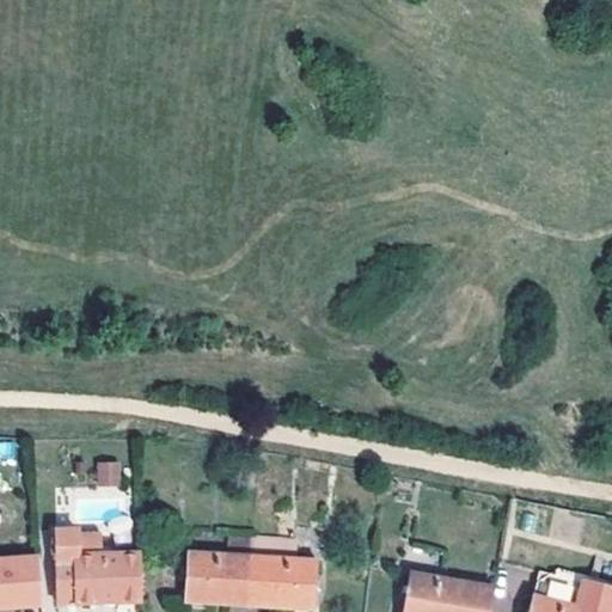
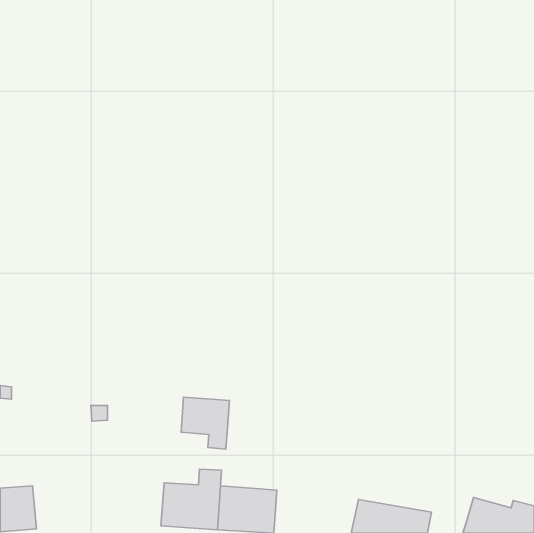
building: none -> [181,397,229,449]
building: [56,536,140,604] -> none

